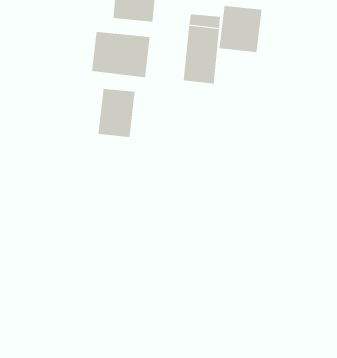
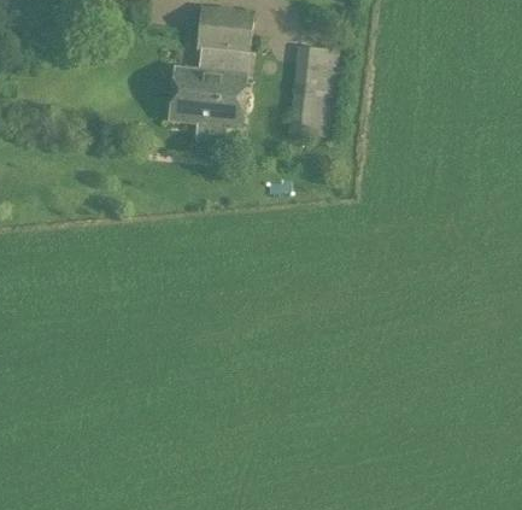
building: [219,5,262,53] -> none
building: [98,88,135,138] -> none

